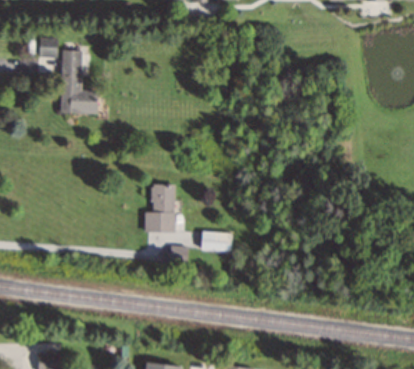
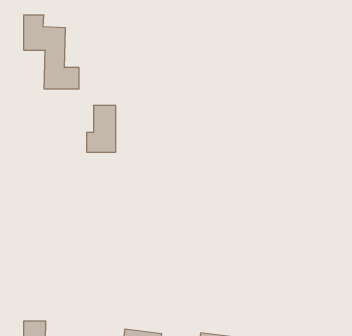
building: [145,184,175,232] -> [87,105,116,152]
building: [201,232,232,251] -> none

